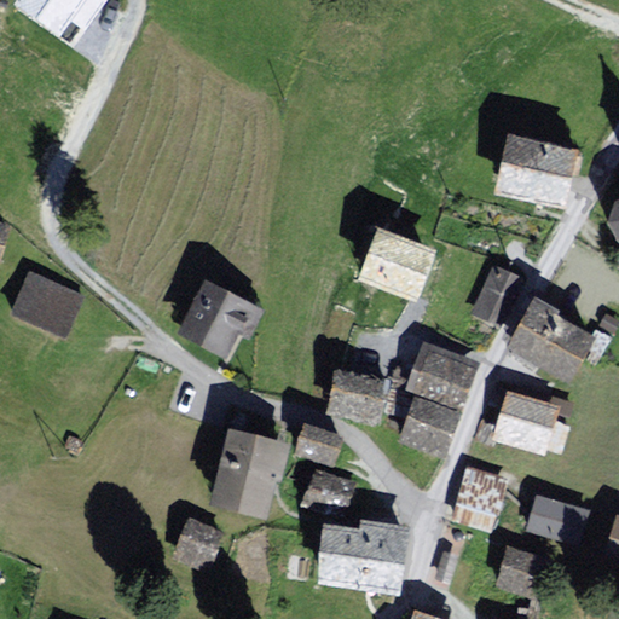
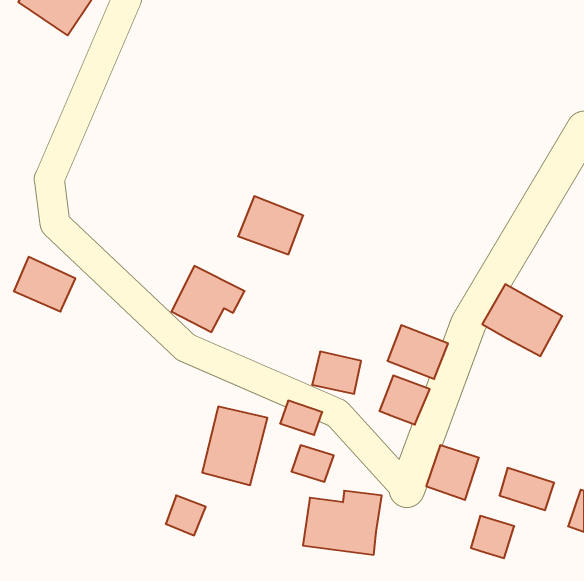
building: [497,135,572,198] -> none
building: [361,231,430,293] -> [238,196,303,254]
building: [474,268,520,323] -> none
building: [494,394,554,449] -> none

